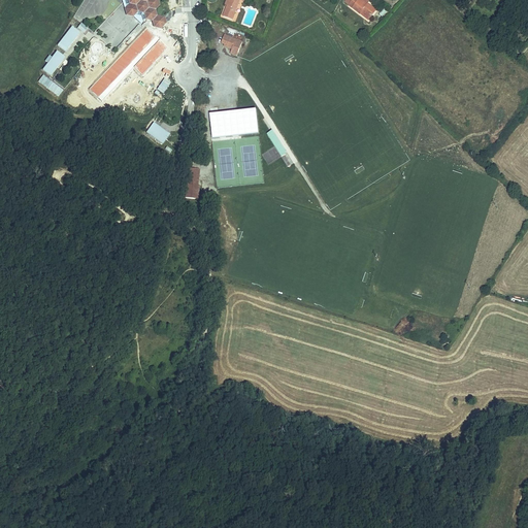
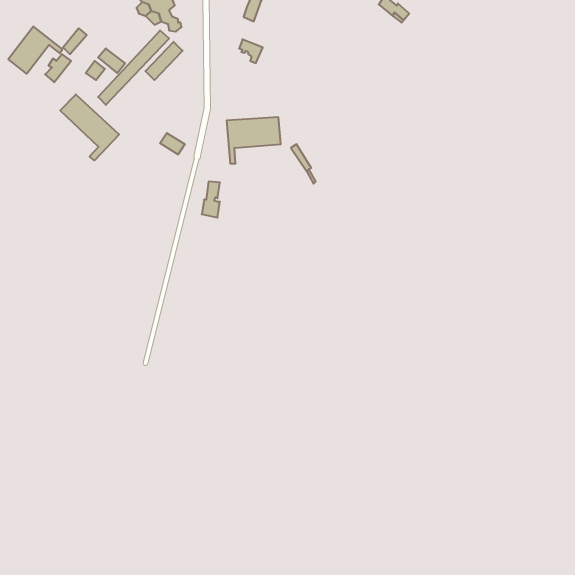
building: none -> [8,26,62,74]
building: none -> [60,94,119,160]

